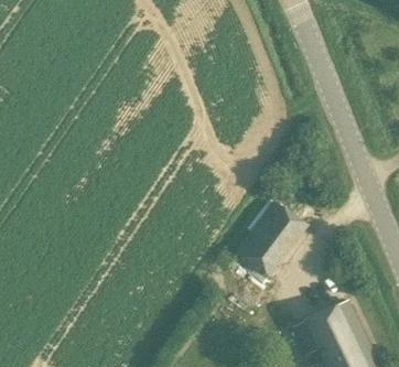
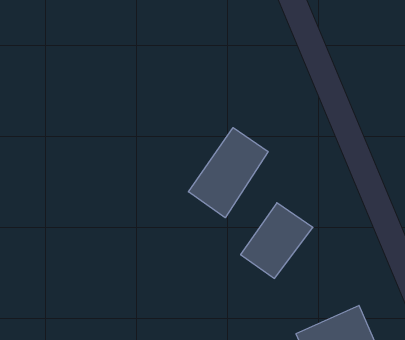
building: none -> [188,128,268,218]

